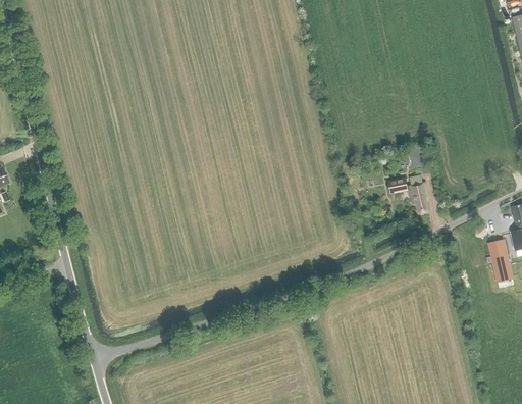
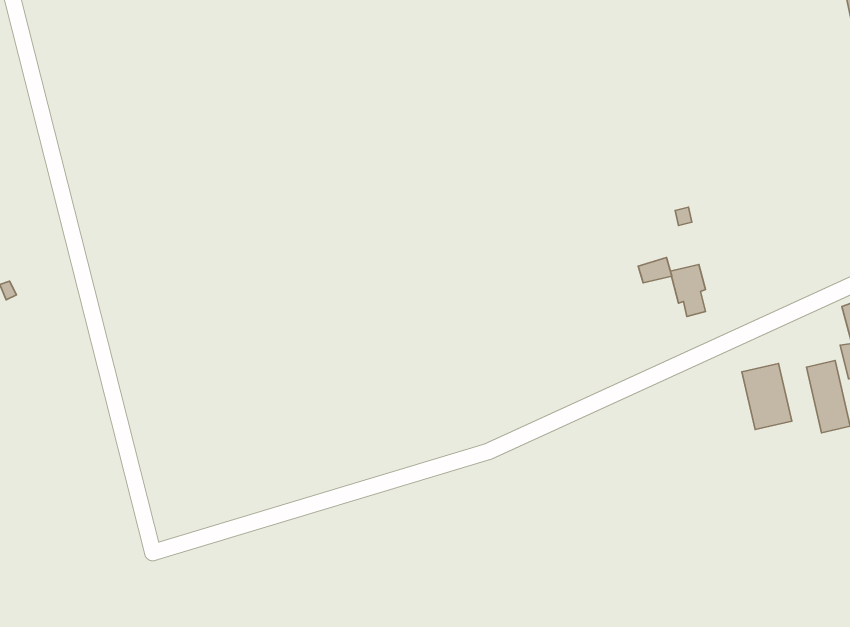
building: none -> [742,363,792,429]

